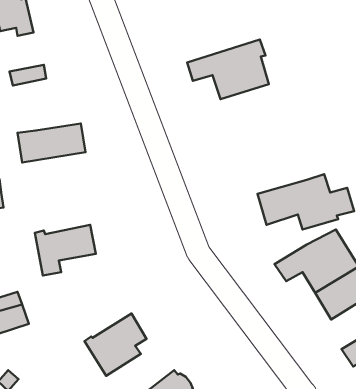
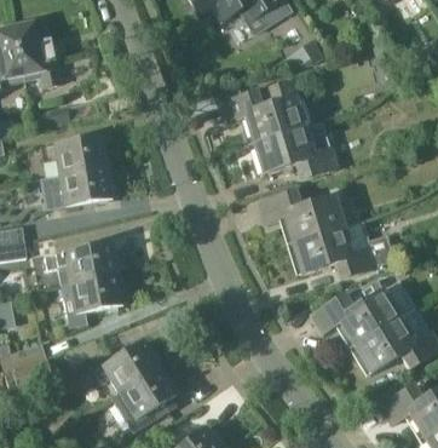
building: none -> [254,127,339,180]
building: none -> [41,137,108,176]
building: none -> [258,191,345,242]
building: none -> [45,245,117,285]
building: none -> [96,341,161,392]

